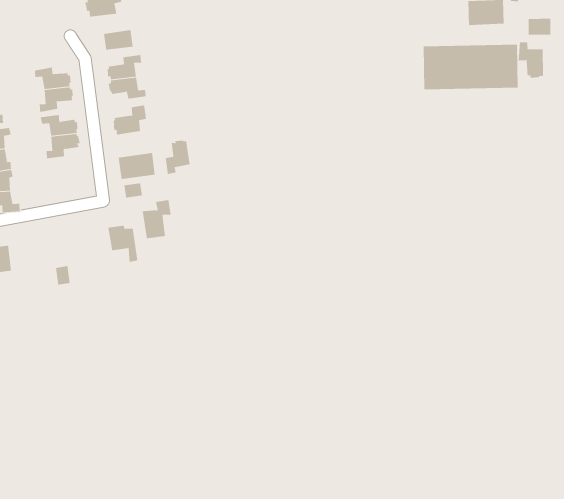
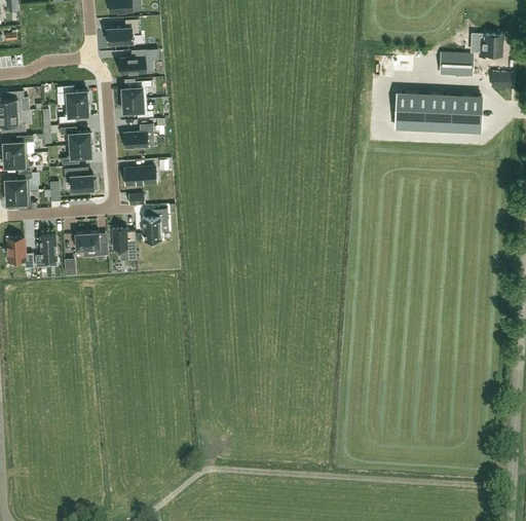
building: [518,41,544,79] -> none
building: [165,140,190,175] -> none
building: none -> [64,169,97,192]
building: none -> [73,232,108,256]
building: none -> [34,235,57,267]

